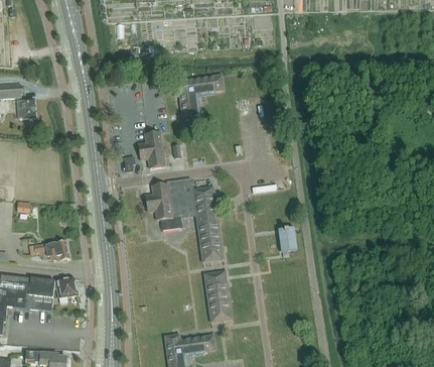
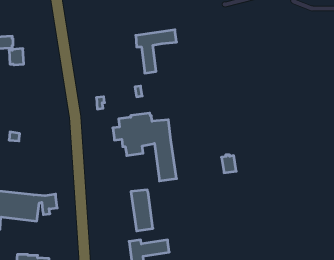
building: [138,131,165,167] -> none
building: [33,239,70,259] -> none
building: [204,271,232,322] -> [131,190,153,231]

